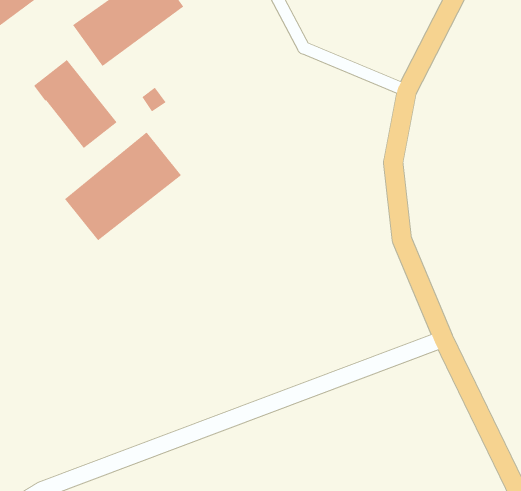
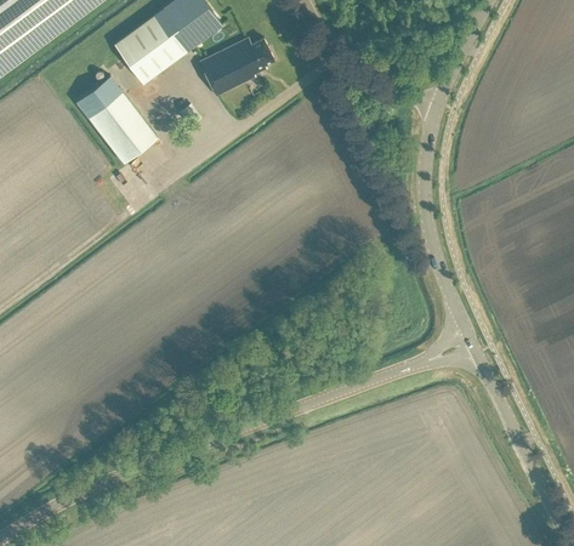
building: none -> [198,39,273,96]
building: [64,131,182,241] -> none

